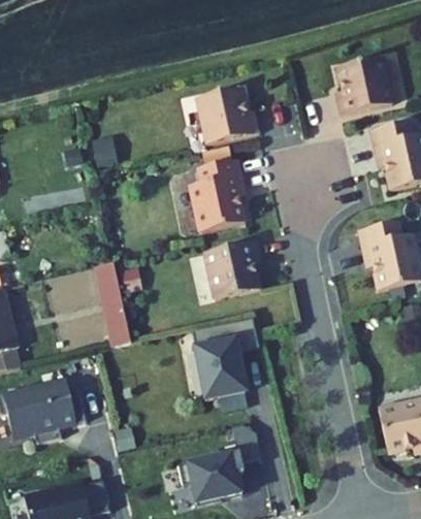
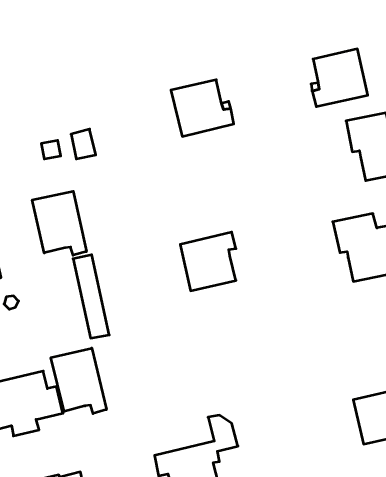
building: [192,158,244,230] -> none
building: none -> [32,191,86,255]
building: [188,315,256,397] -> none
building: none -> [51,348,106,414]

